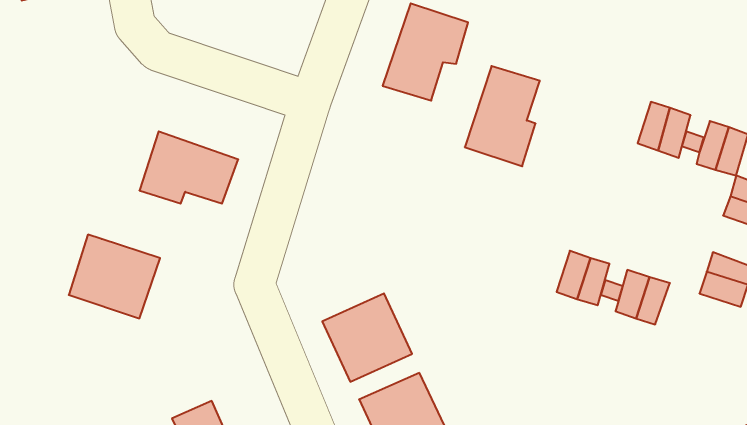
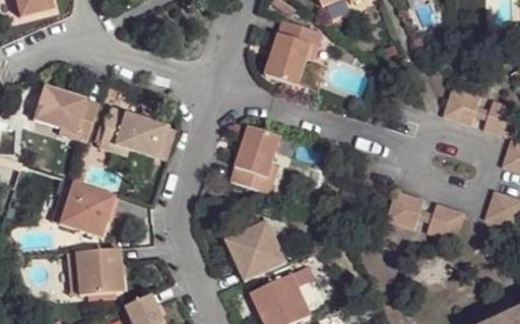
building: [465,66,540,166] -> [233,126,284,195]
building: none -> [30,85,99,143]
building: none -> [66,248,119,296]

